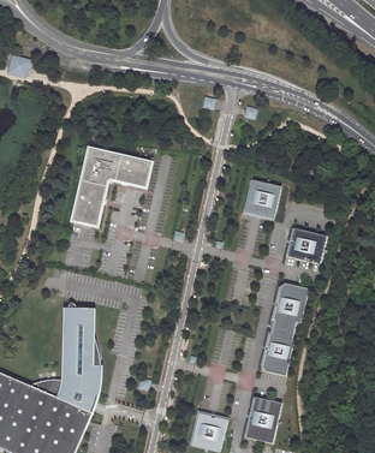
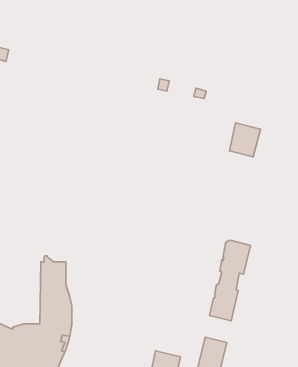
building: [72,149,150,226] -> none
building: [244,178,280,217] -> [229,123,260,157]
building: [286,227,326,263] -> none

